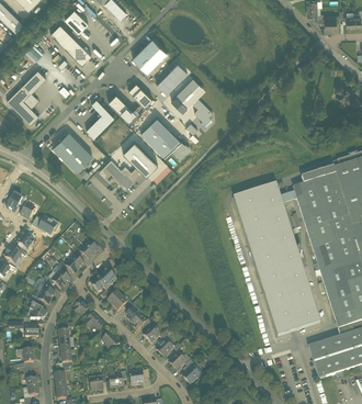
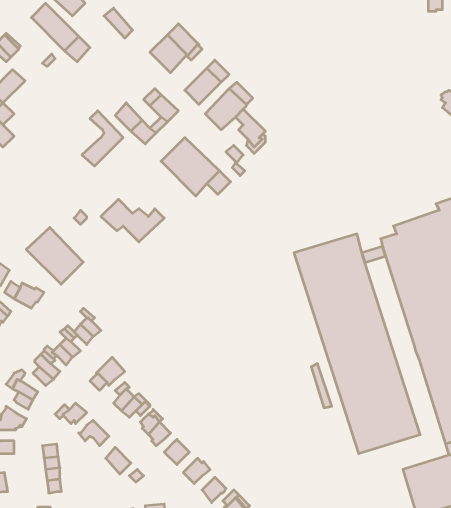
building: [53,131,92,170] -> [26,227,83,284]
building: [123,141,158,176] -> none

